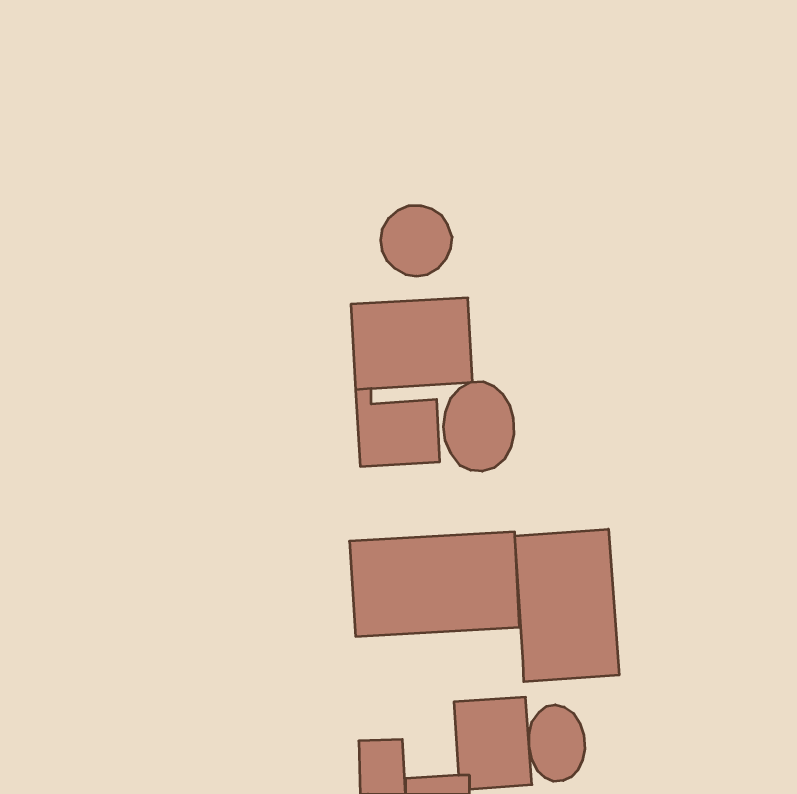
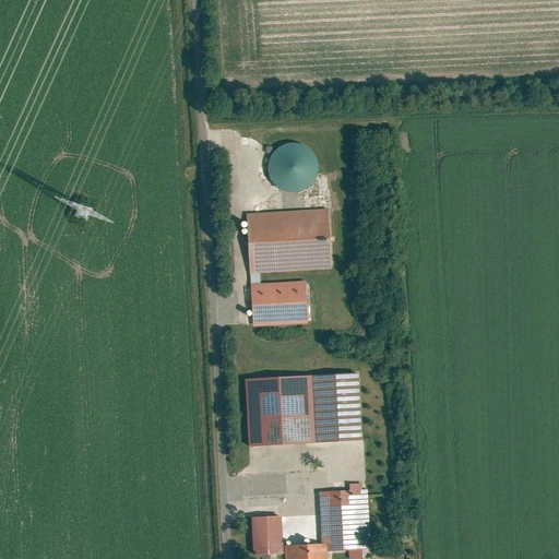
building: [443,382,514,471] -> none
building: [515,529,619,682] -> none
building: [529,705,585,781] -> none

